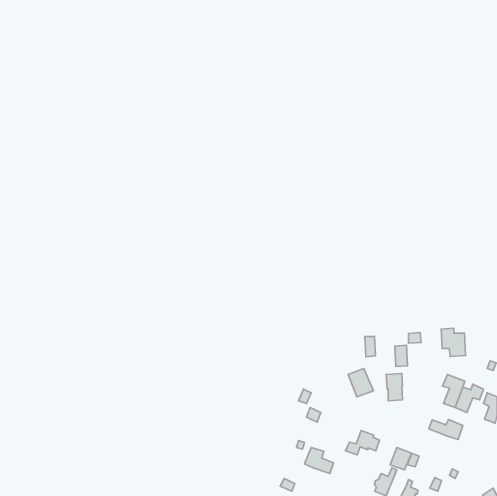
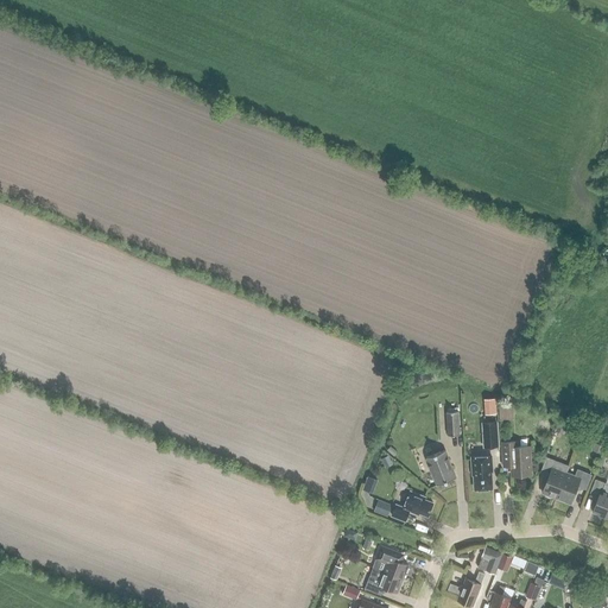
building: [441,328,466,356] -> [501,442,531,476]
building: [429,419,463,440] -> none
building: [346,430,380,455] -> [391,492,432,521]
building: none -> [365,568,403,596]

